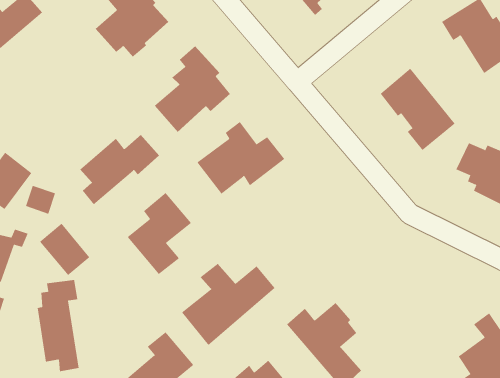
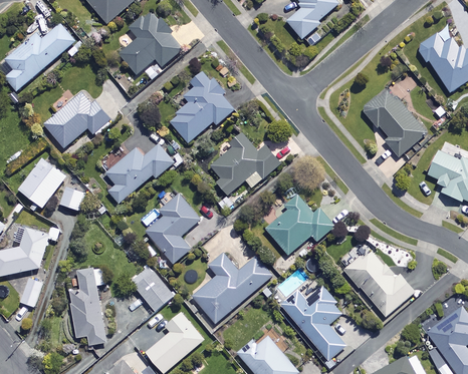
building: none -> [43,91,112,147]
building: none -> [264,196,333,254]
building: [39,223,90,276] -> [130,266,173,311]
building: none -> [344,249,414,317]

